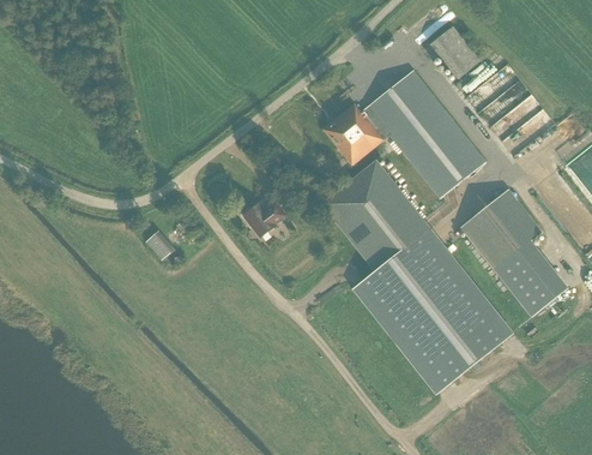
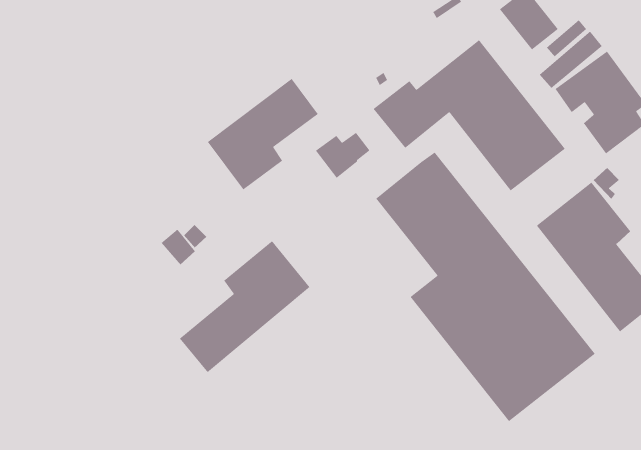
building: none -> [207,78,319,190]
building: [241,198,288,238] -> [315,132,370,179]
building: none -> [179,240,311,373]

